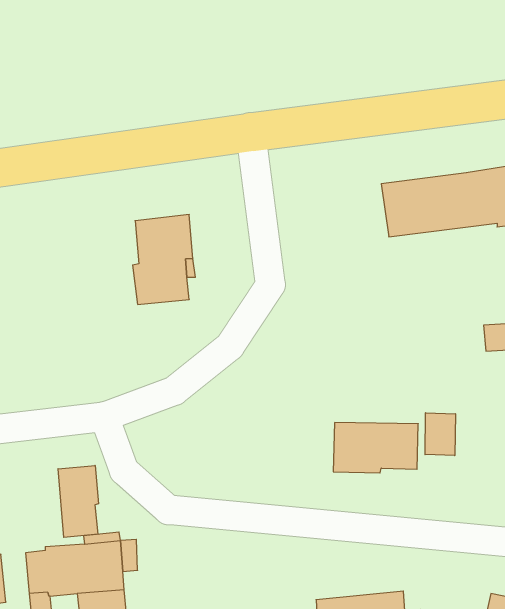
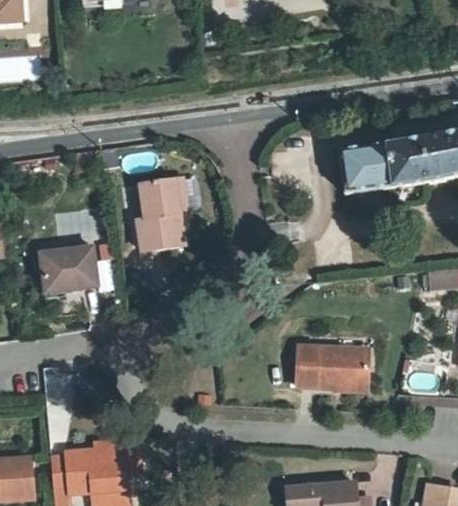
building: none -> [41,249,98,294]
building: [425,413,455,456] -> none
building: [58,465,99,537] -> none

